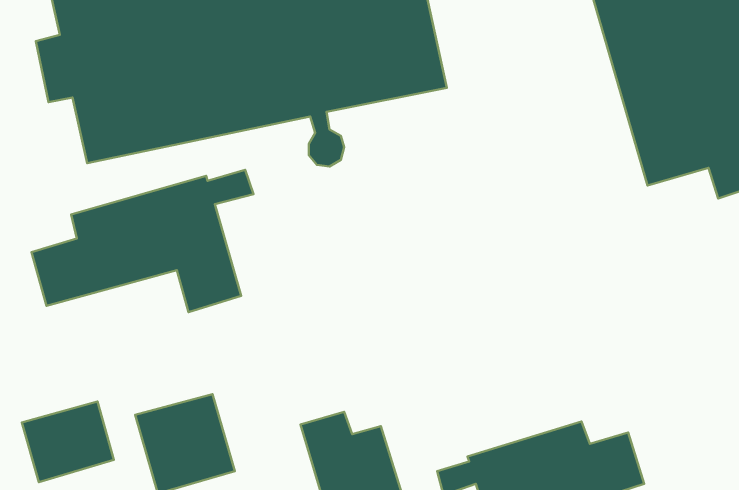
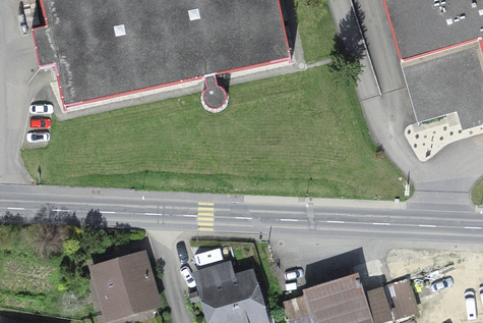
building: [31,170,254,312] -> none
building: [22,401,114,482] -> none

